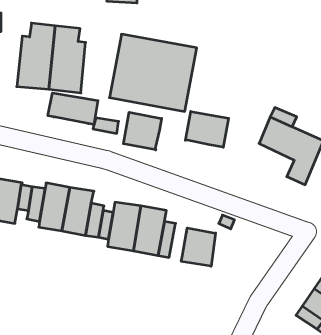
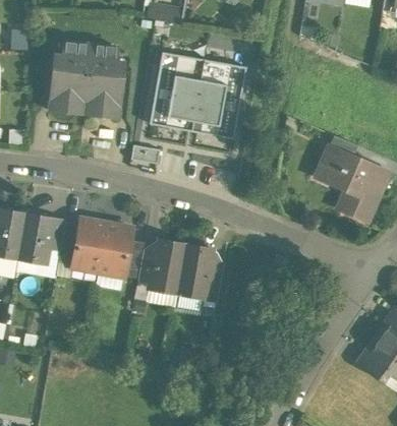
building: [48,93,98,125] -> none
building: [185,111,229,147] -> none
building: [123,112,162,150] -> none
building: [181,228,216,266] -> none

